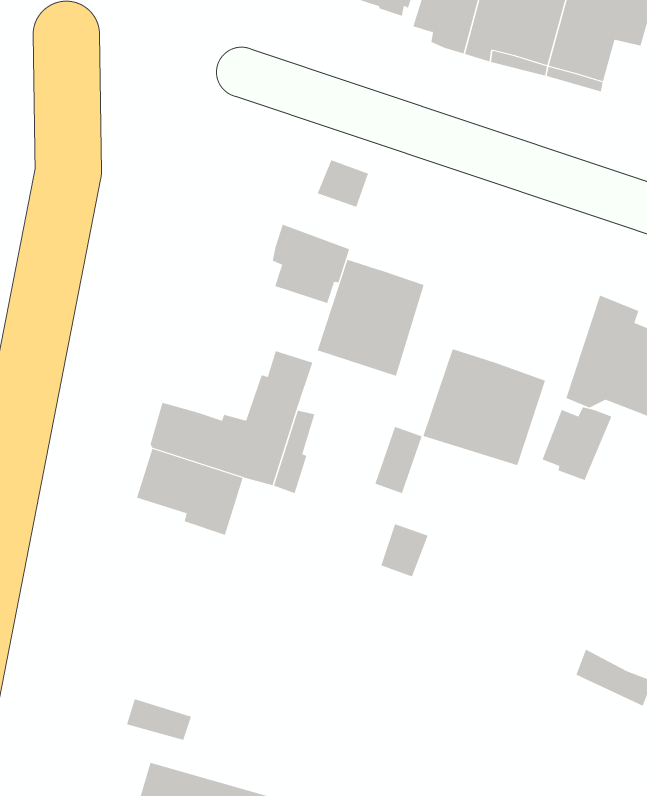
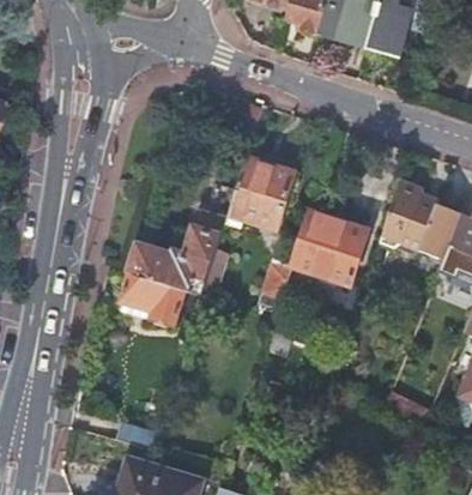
building: [272,224,350,304] -> none
building: [542,407,612,481] -> none

